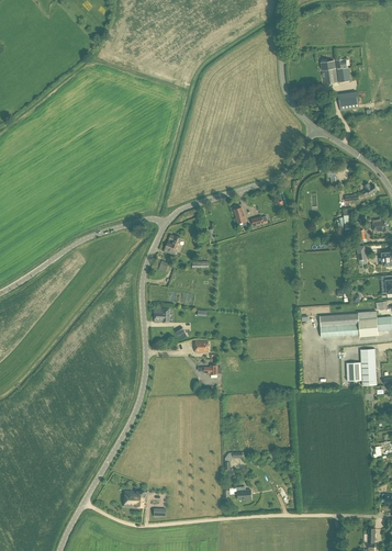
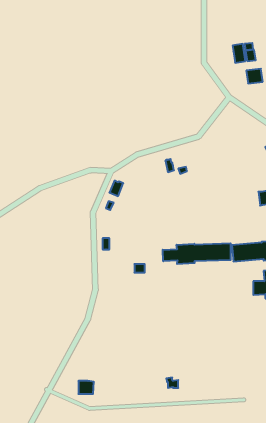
building: none -> [163,243,231,264]

